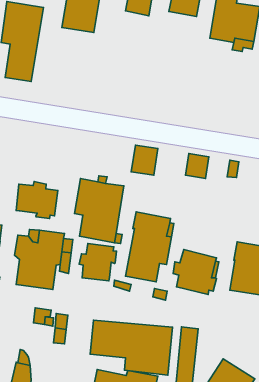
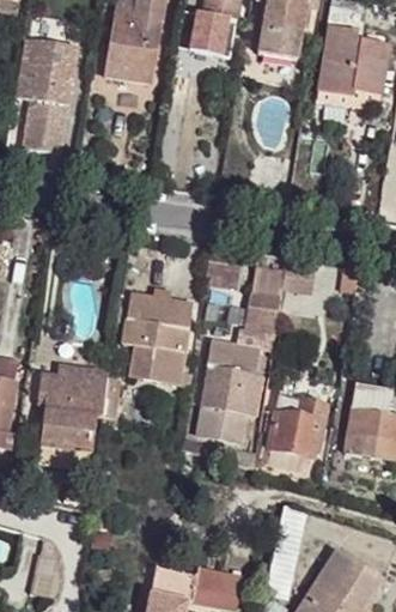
building: none -> [243,271,282,333]
building: [16,182,58,218] -> none
building: [79,243,117,281] -> none
building: [90,320,173,375] -> none

